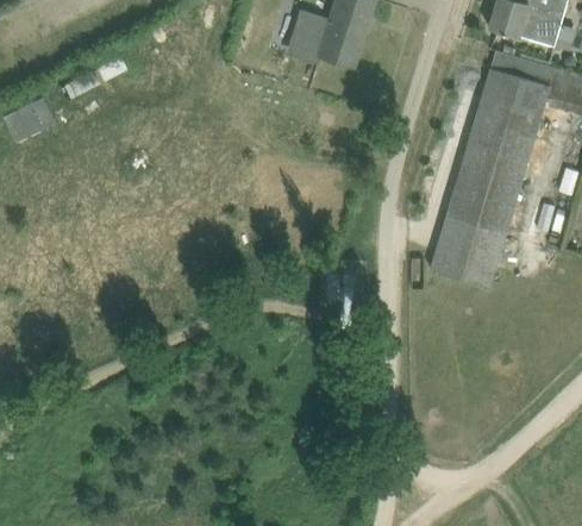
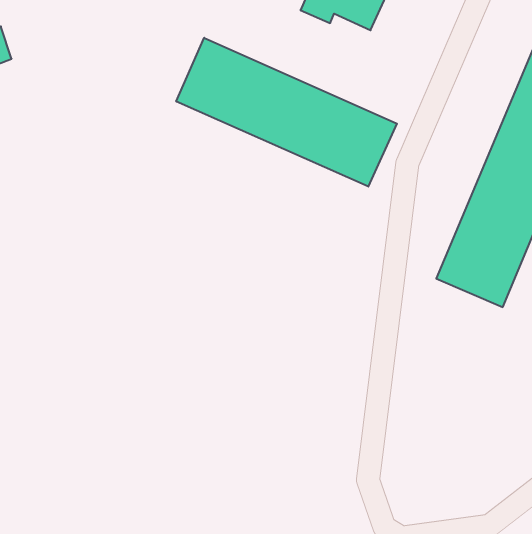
building: none -> [176,38,397,187]

